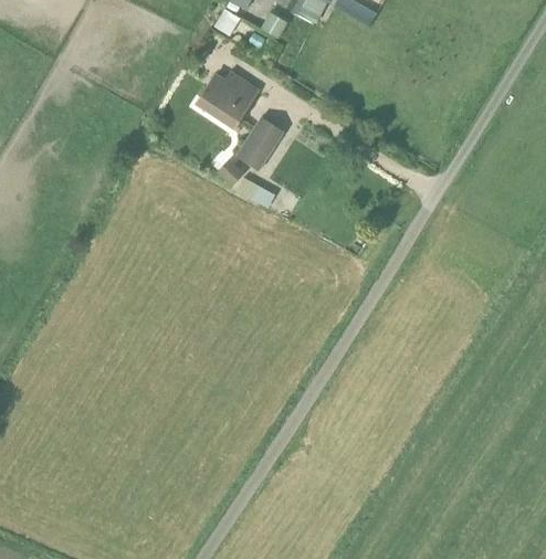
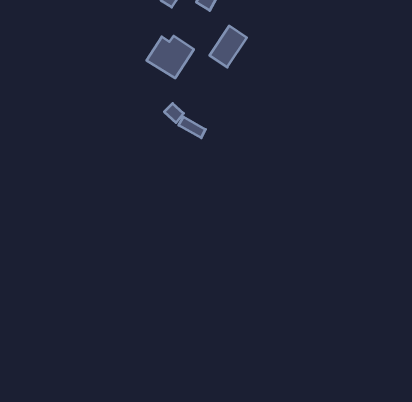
building: [237,116,285,170] -> [210,26,247,67]

